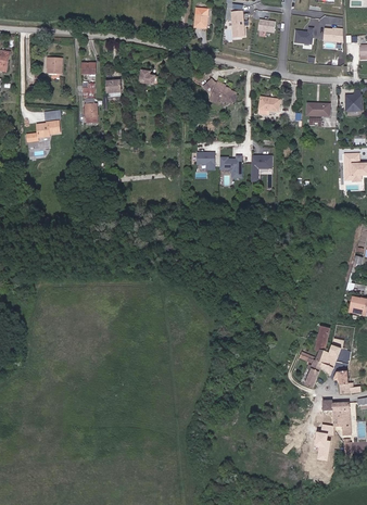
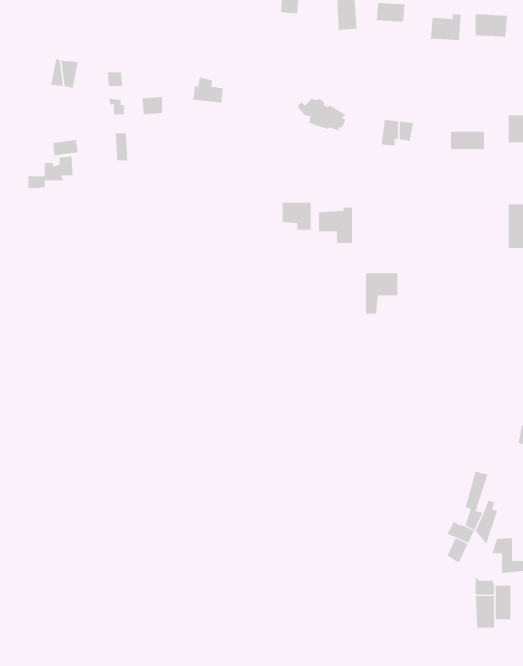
building: [251,153,273,180] -> [365,273,398,314]

